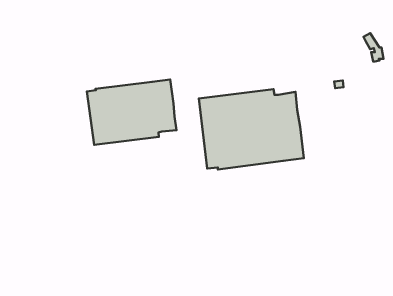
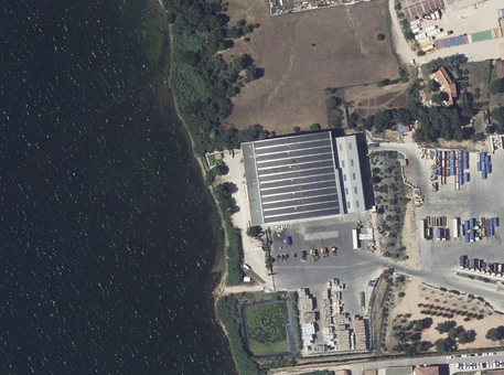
building: [87,80,177,145] -> none

